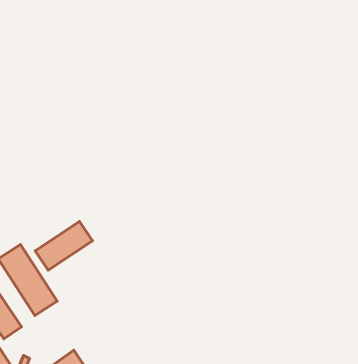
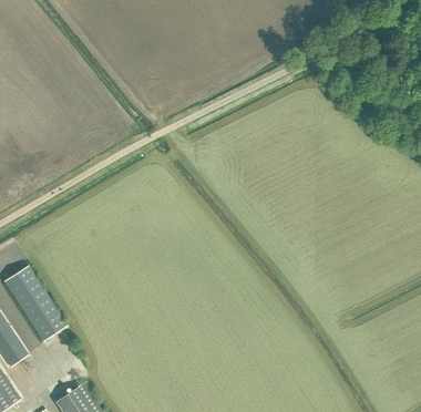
building: [35,222,92,270] -> none

